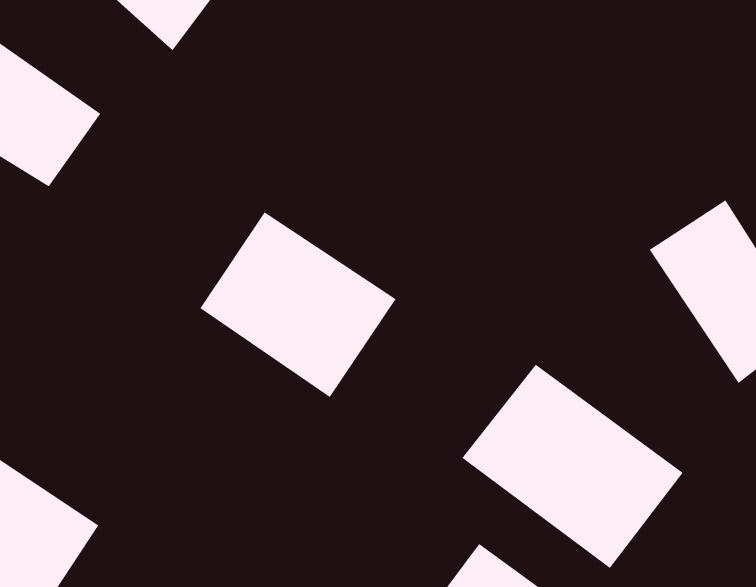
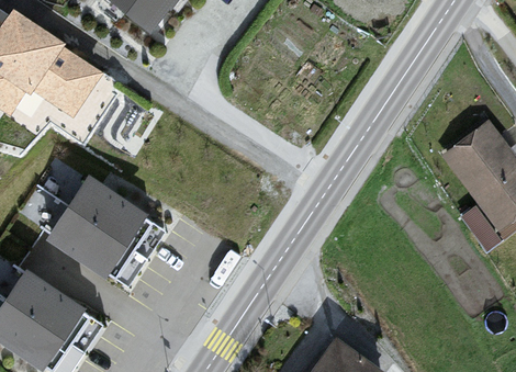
building: [200,212,397,398] -> [48,177,169,291]
building: [462,364,684,569] -> none

